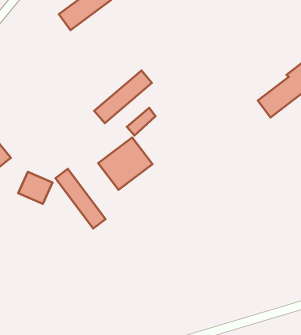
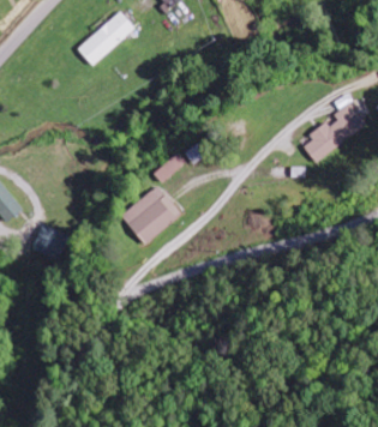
building: [94,70,152,123] -> none
building: [56,169,105,228] -> none

